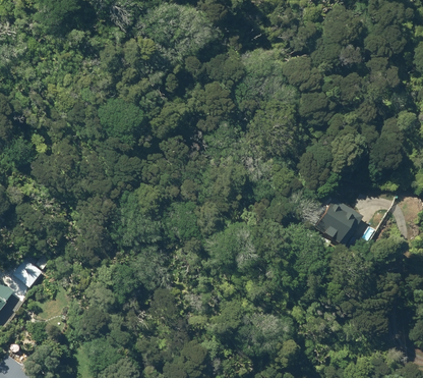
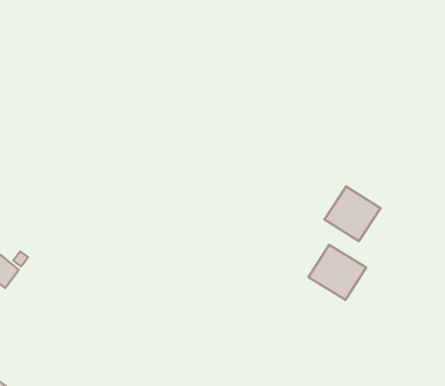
building: none -> [309,245,366,300]

